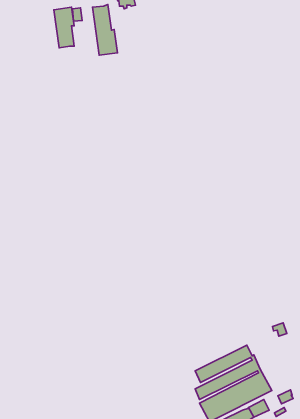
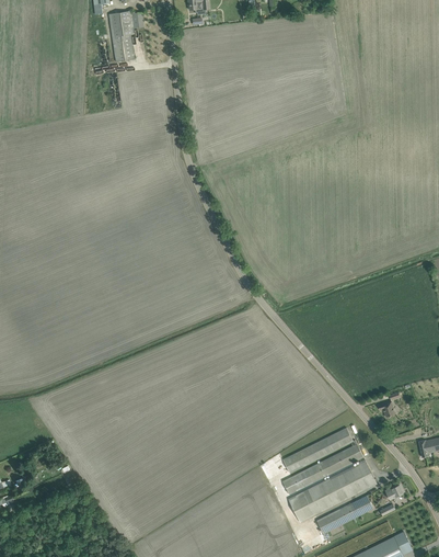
building: [92,5,117,55] -> none

